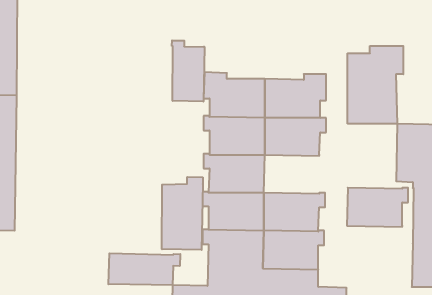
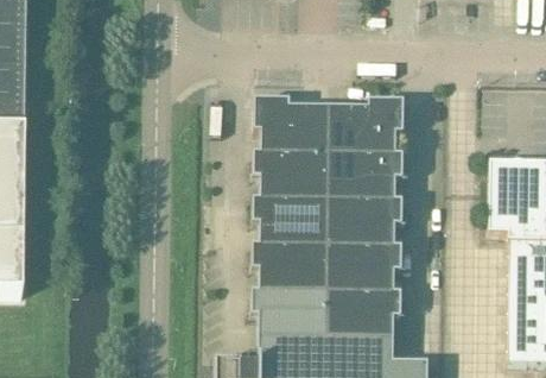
building: [172,40,204,102] -> none
building: [348,46,403,124] -> none
building: [162,177,203,250] -> none
building: [347,188,408,227] -> [326,199,401,246]
building: [108,253,180,285] -> none

